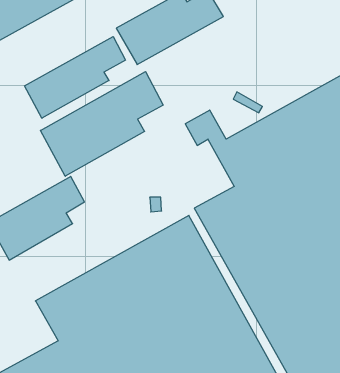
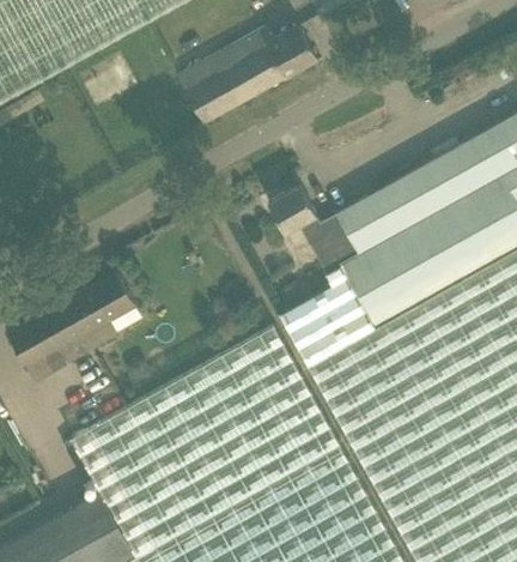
building: [25,37,125,118] -> none
building: [40,72,163,176] -> none

